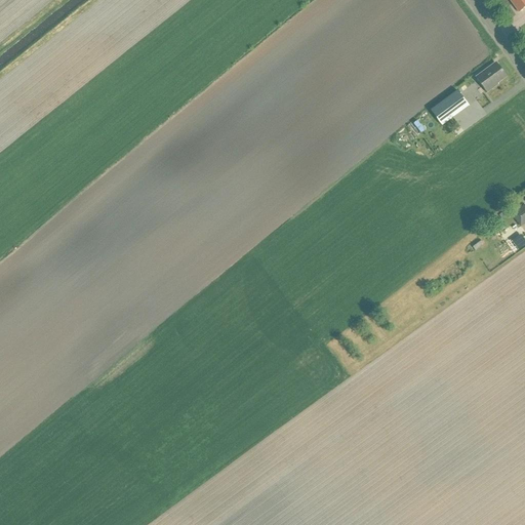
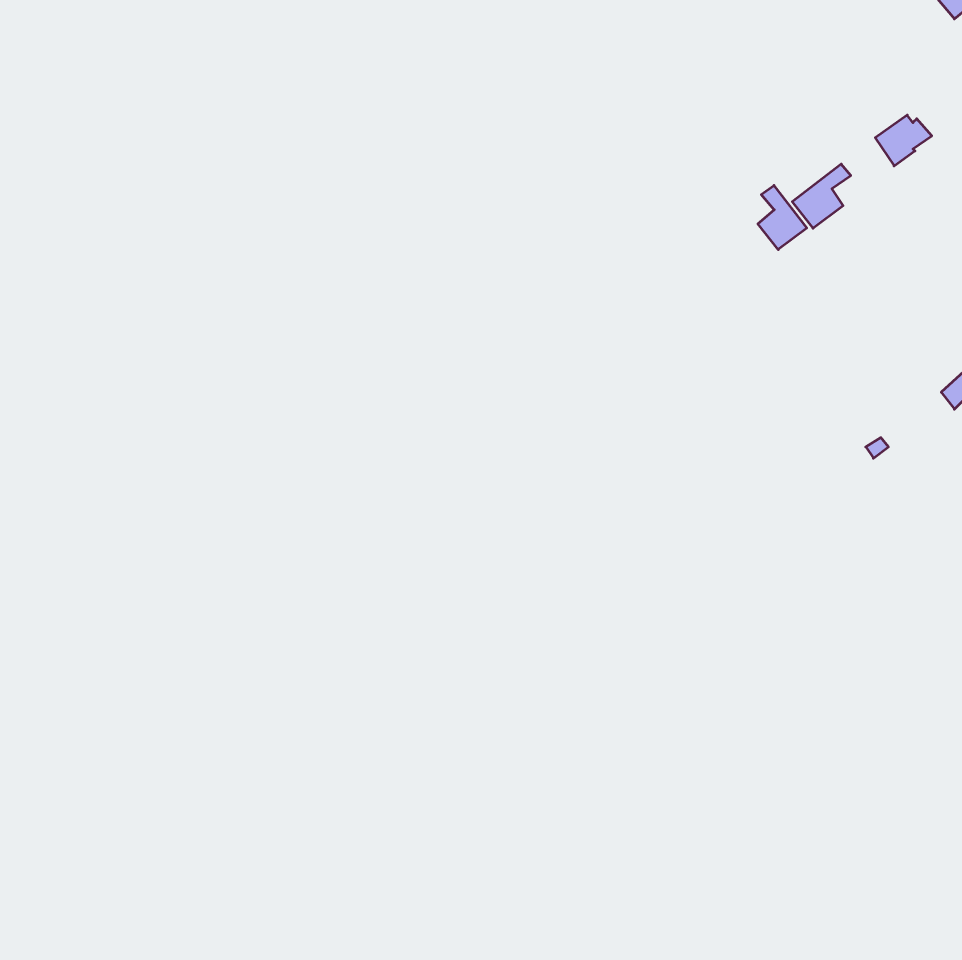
building: none -> [758,185,807,250]

